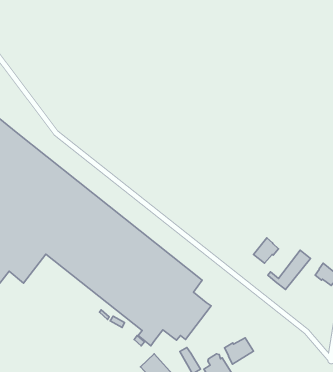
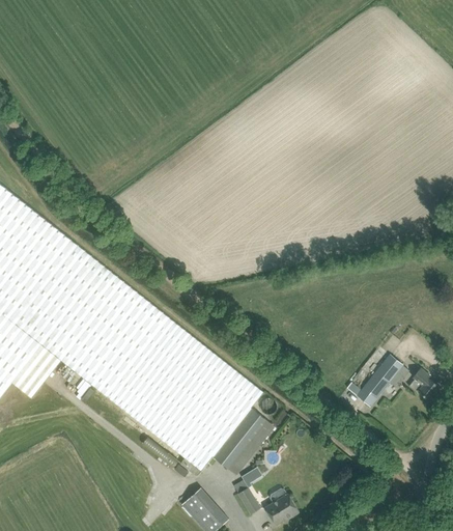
building: [253,238,279,263] -> none
building: [224,338,254,364] -> none

